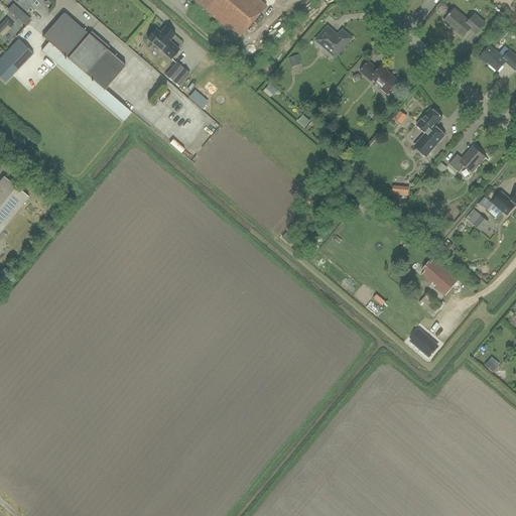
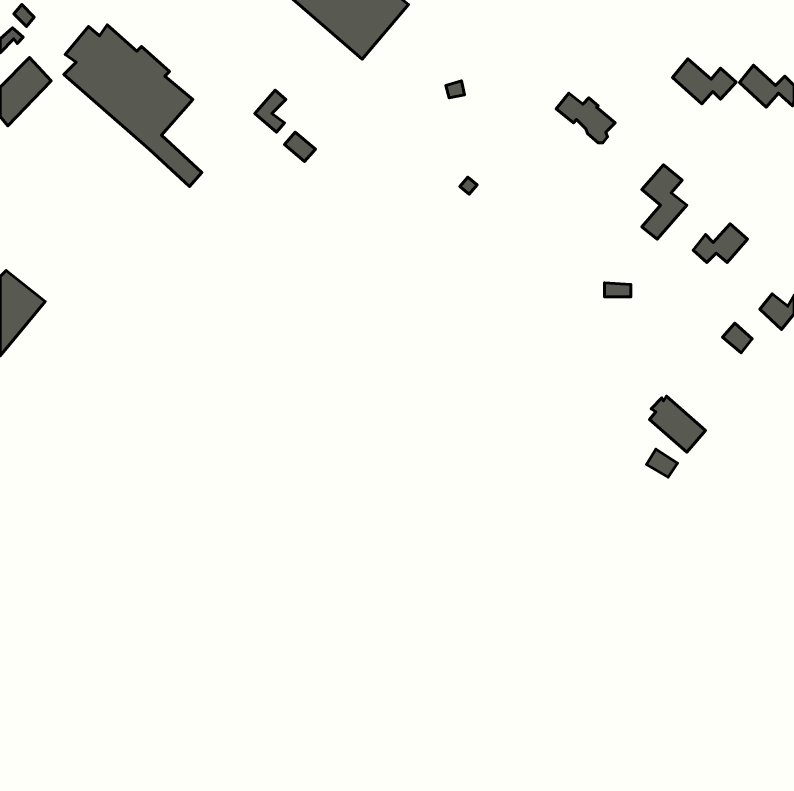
building: [443,6,485,35] -> [672,59,736,104]
building: [147,24,180,58] -> none
building: [316,24,352,54] -> none
building: [410,328,438,356] -> none

